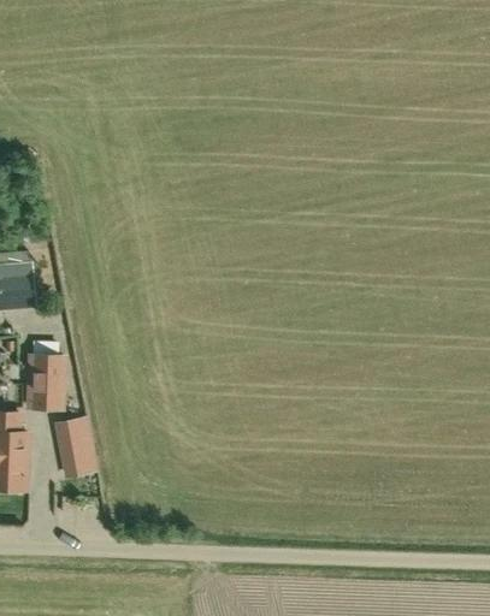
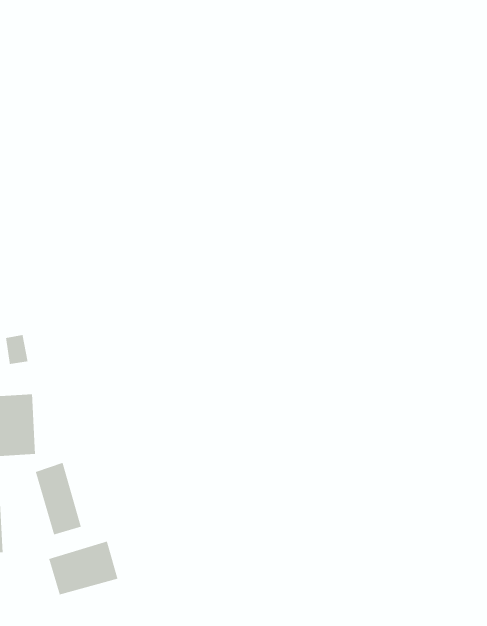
building: none -> [48,541,119,595]

